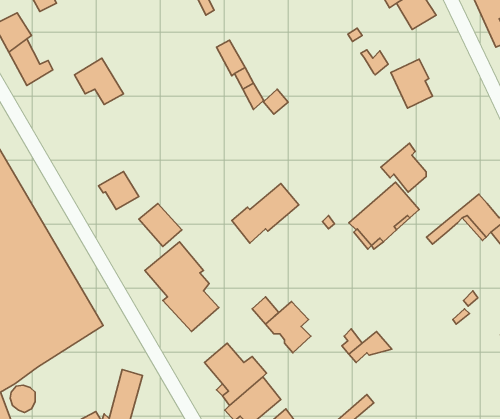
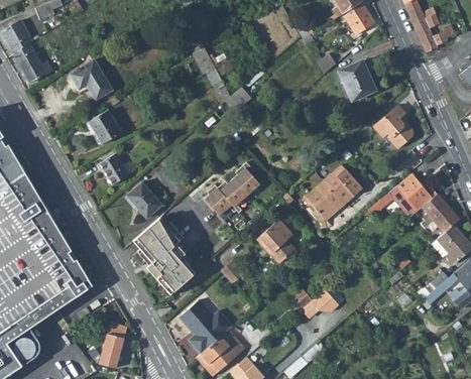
building: none -> [85,111,118,145]
building: [381,143,426,192] -> [374,106,413,147]
building: [265,302,311,353] -> [256,220,295,263]

